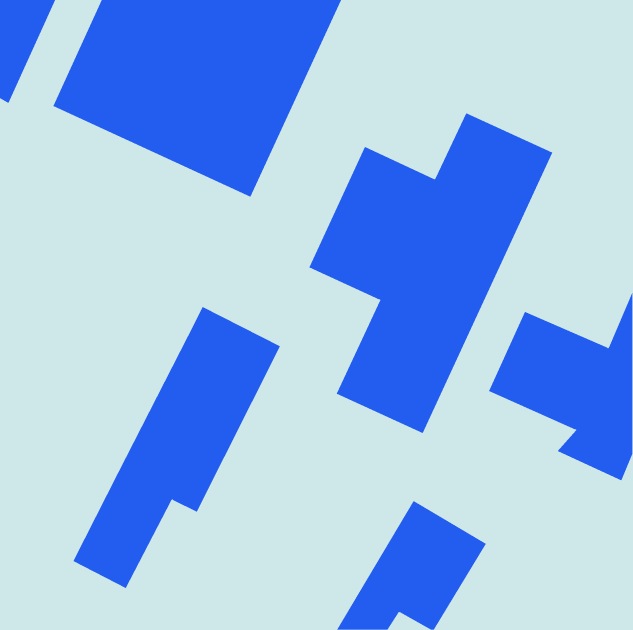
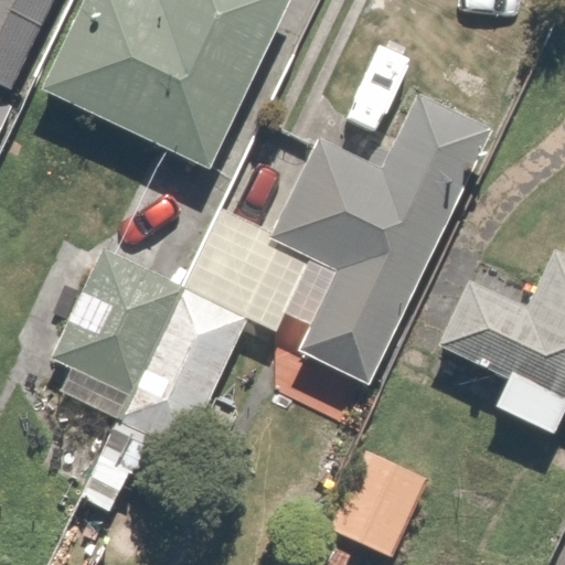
building: none -> [28,244,172,417]

